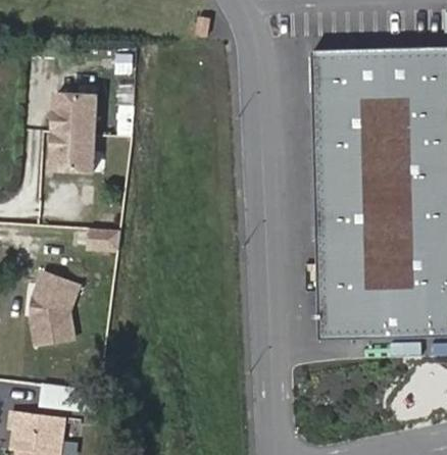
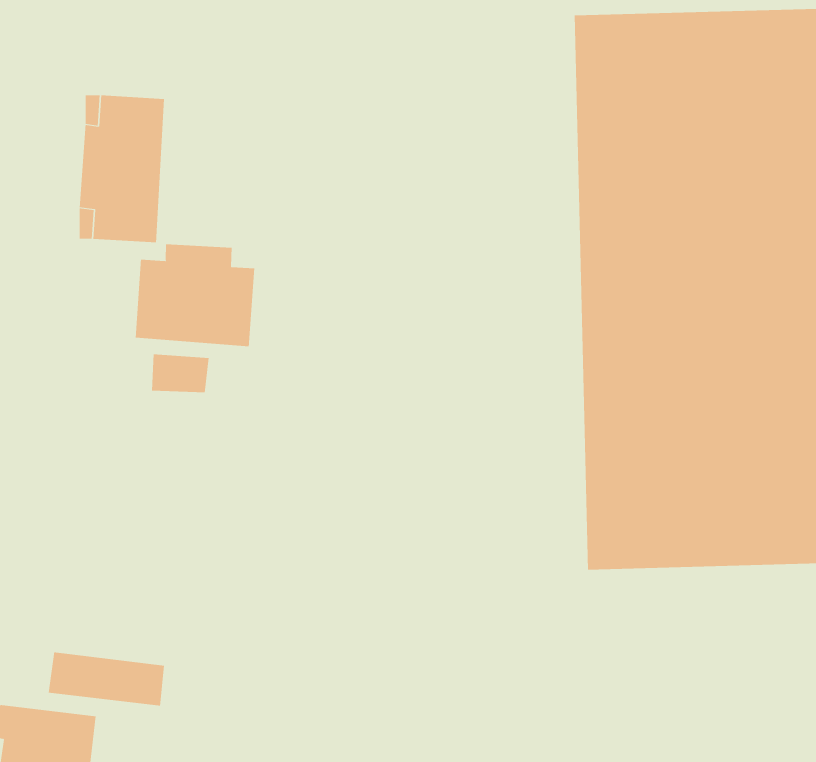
building: none -> [135,244,255,347]
building: [30,271,78,344] -> none

